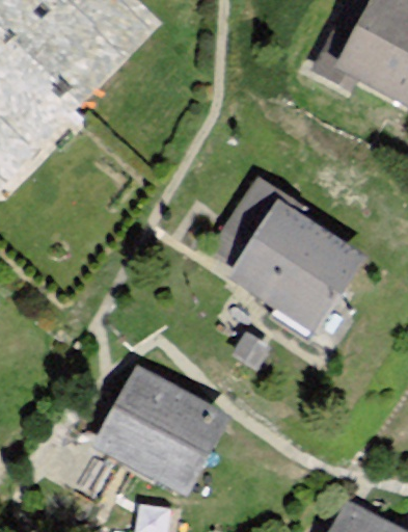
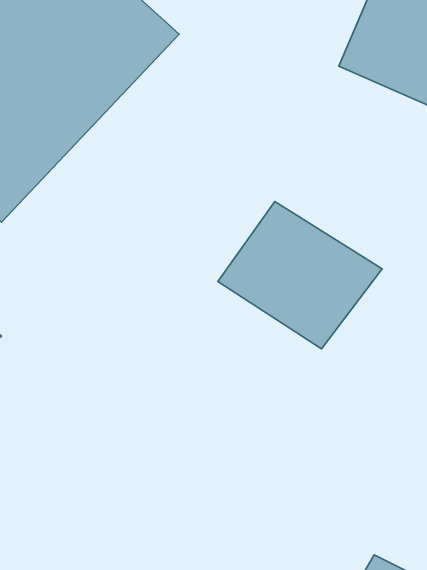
building: [101,376,241,503] -> none

